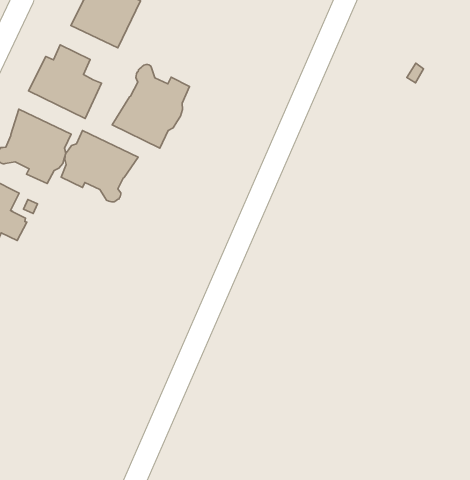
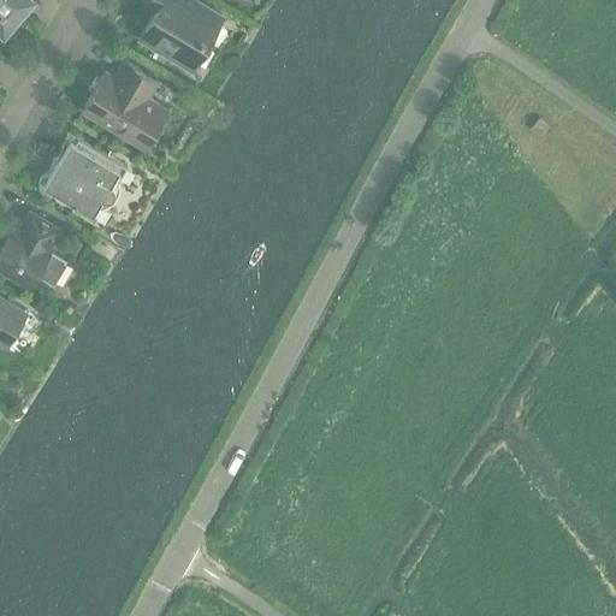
building: [112,64,189,148] -> none
building: [61,131,138,202] -> none

